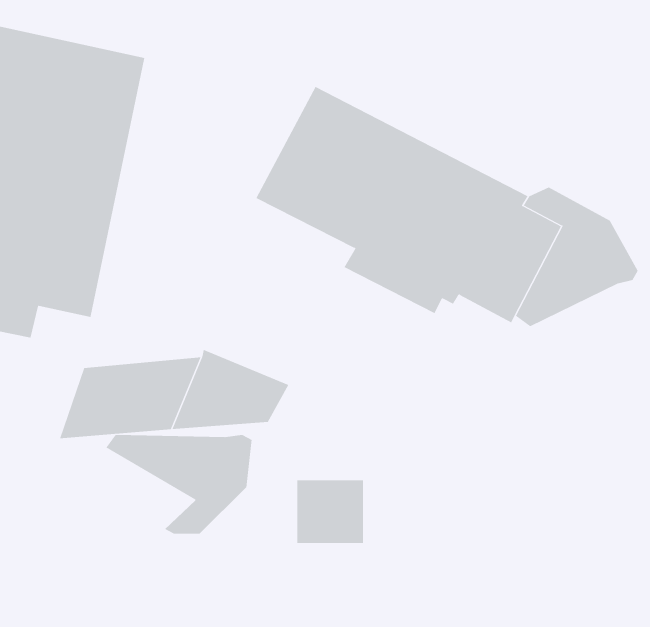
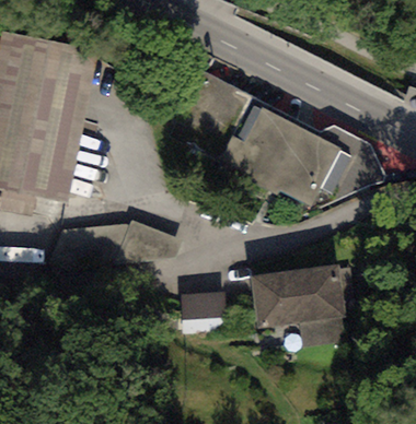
building: none -> [249,264,351,344]
building: [105,434,252,534] -> none

